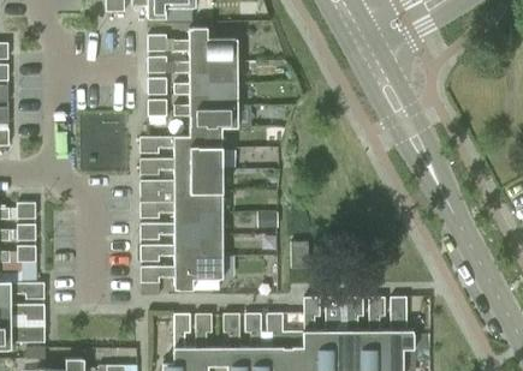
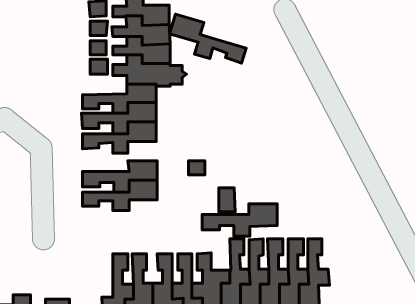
building: none -> [170,14,246,63]
building: [141,190,224,223] -> none
building: [141,255,224,291] -> [202,204,277,236]

